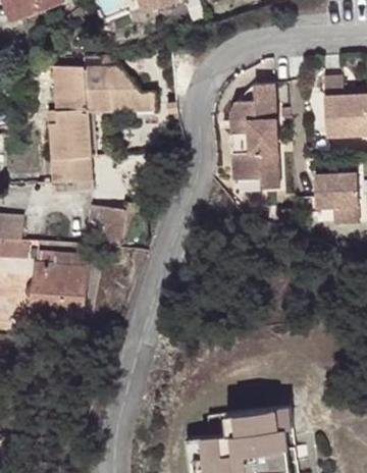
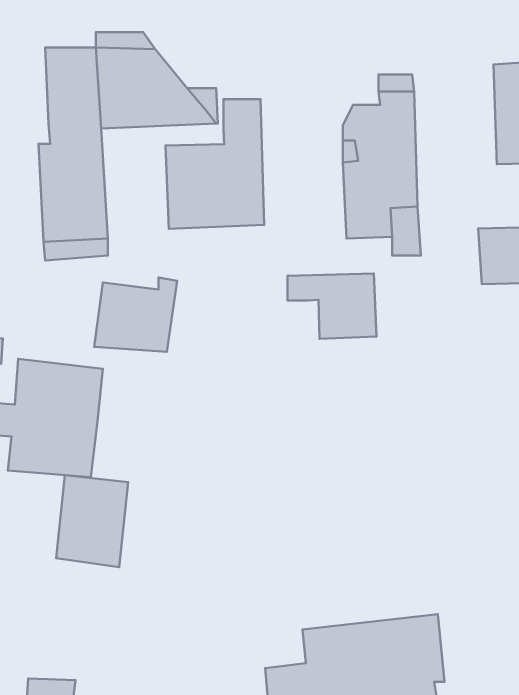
building: none -> [166,99,264,229]
building: none -> [287,273,376,339]
building: none -> [56,475,128,567]

